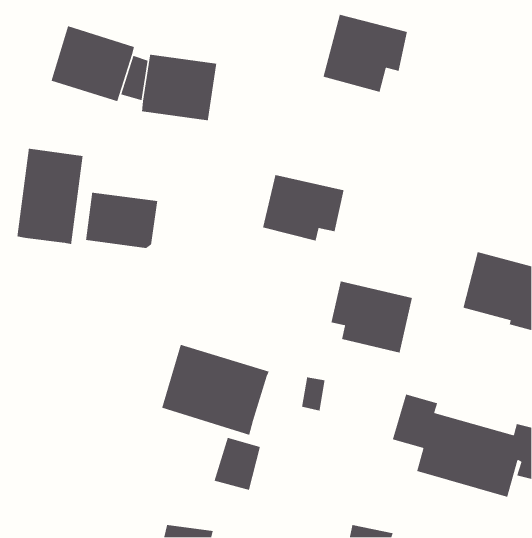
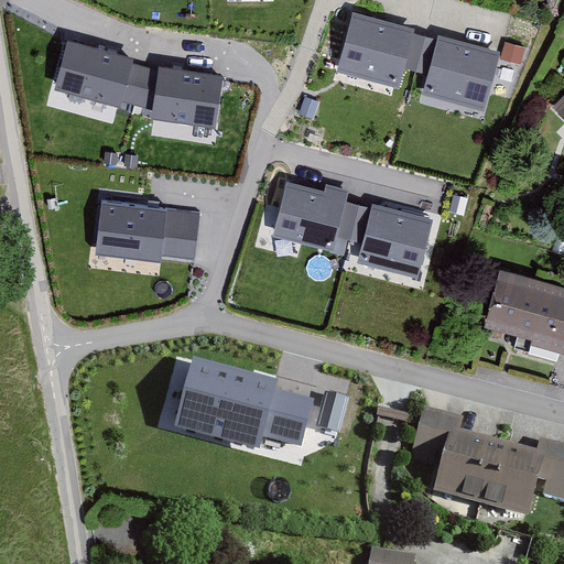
building: none -> [417,33,503,116]
building: [17,148,83,245] -> none
building: none -> [159,209,193,259]
building: [331,281,413,353] -> [350,198,436,274]
building: [214,437,261,491] -> [265,393,315,449]

